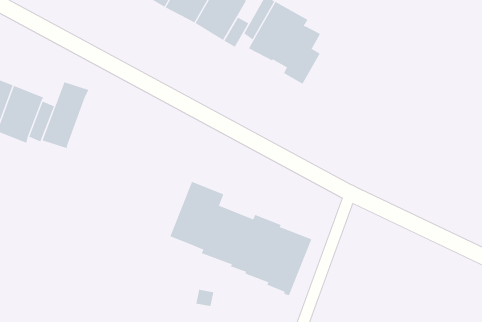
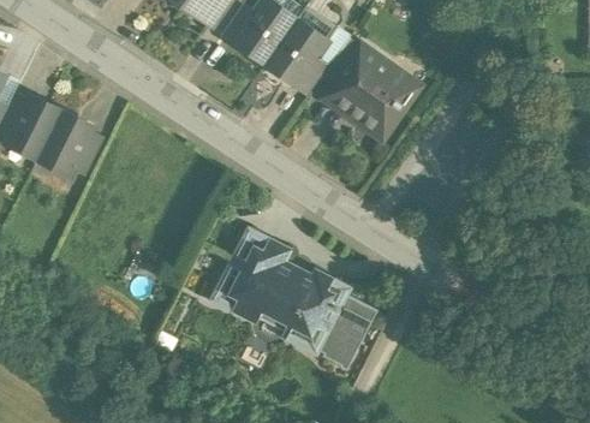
building: [42,81,89,149] -> none

